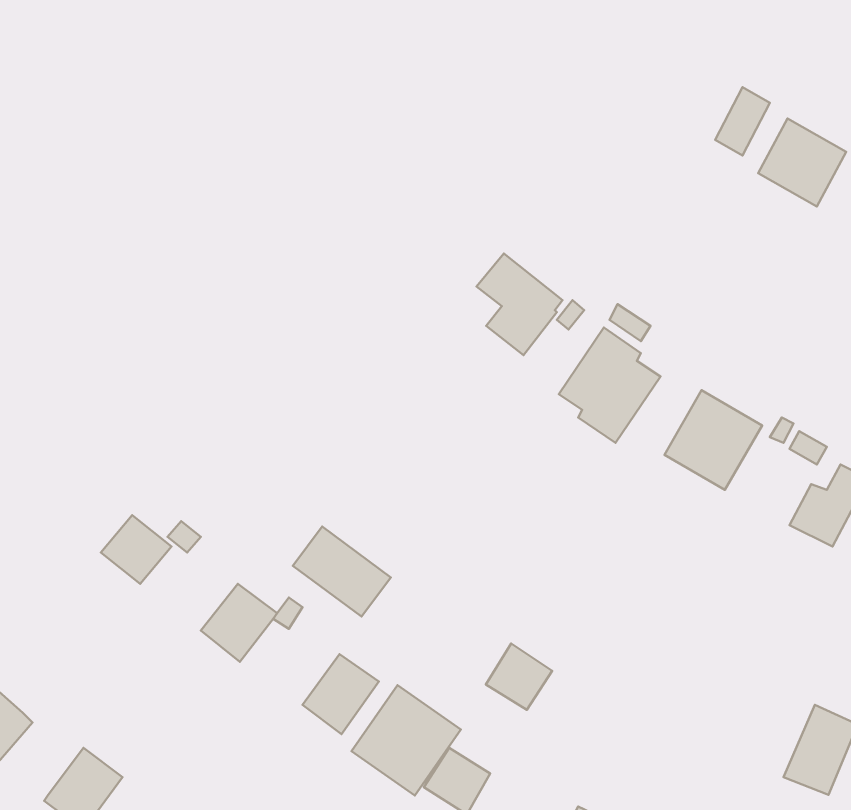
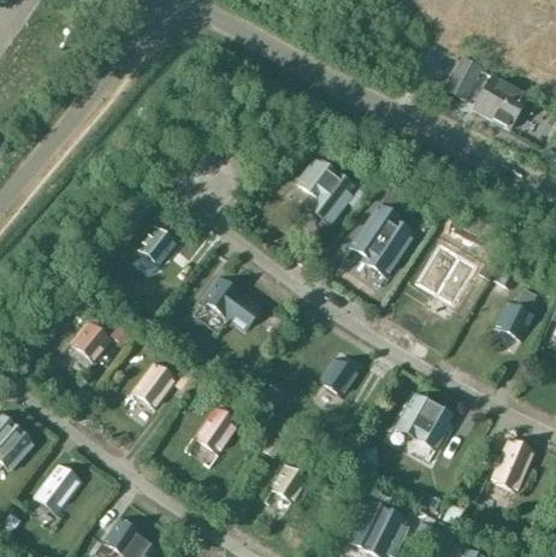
building: none -> [137,225,178,265]
building: [293,527,391,617] -> [202,275,262,331]
building: none -> [396,393,453,451]
building: [486,643,552,710] -> [318,356,359,397]
building: [352,685,461,795] -> none

